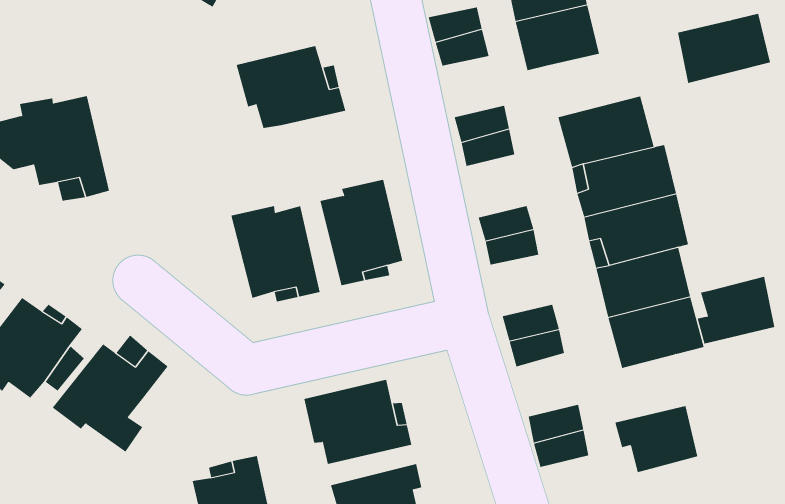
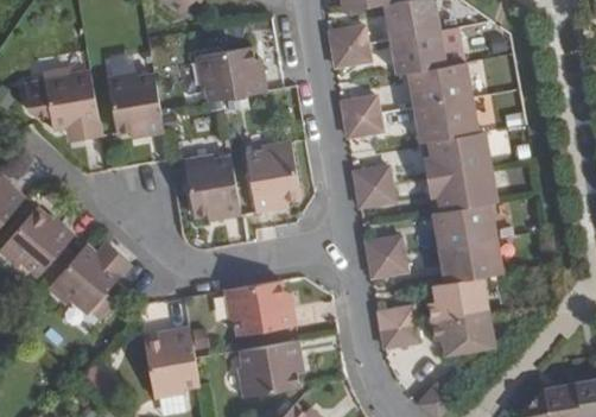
building: [677,13,771,84] -> [407,62,470,107]
building: none -> [107,71,164,137]
building: [697,276,775,344] -> [433,276,487,320]

